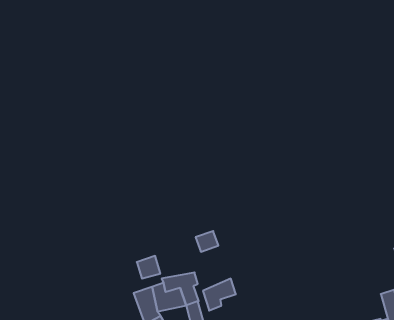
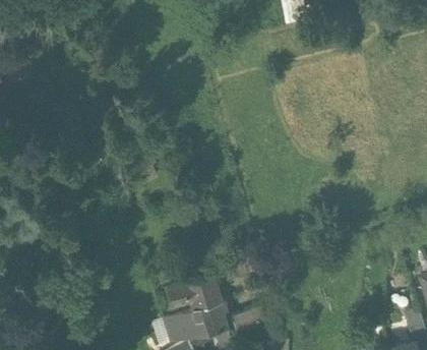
building: none -> [185,274,219,303]

